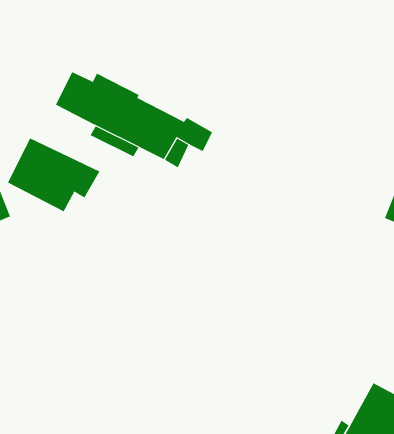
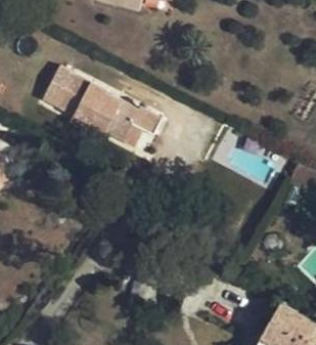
building: [7,137,100,212] -> none

